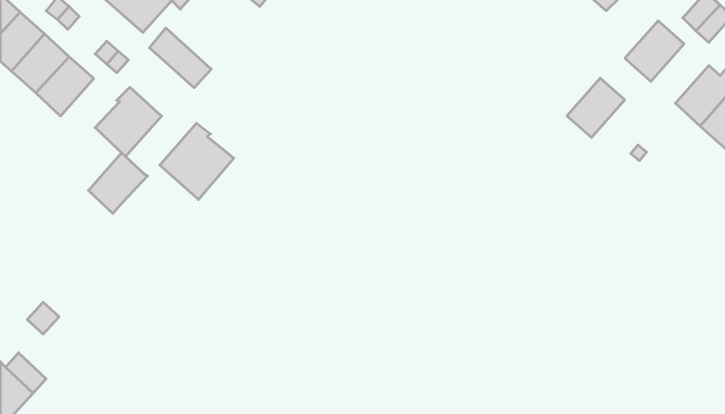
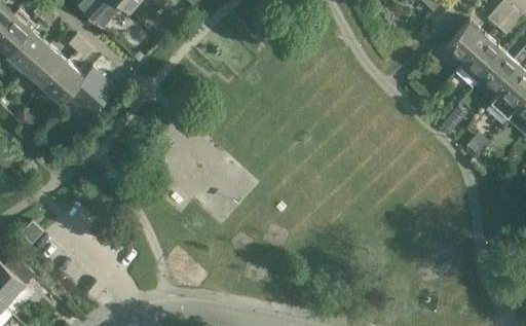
building: [149,28,211,88] -> none
building: [567,78,625,137] -> [463,38,504,80]
building: [160,123,234,200] -> none
building: [88,153,148,213] -> [43,63,85,106]

